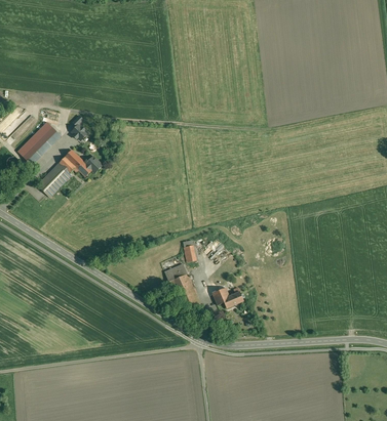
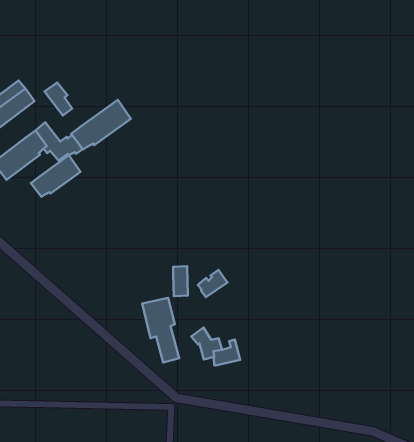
building: none -> [71,100,131,150]
building: none -> [31,155,80,197]

